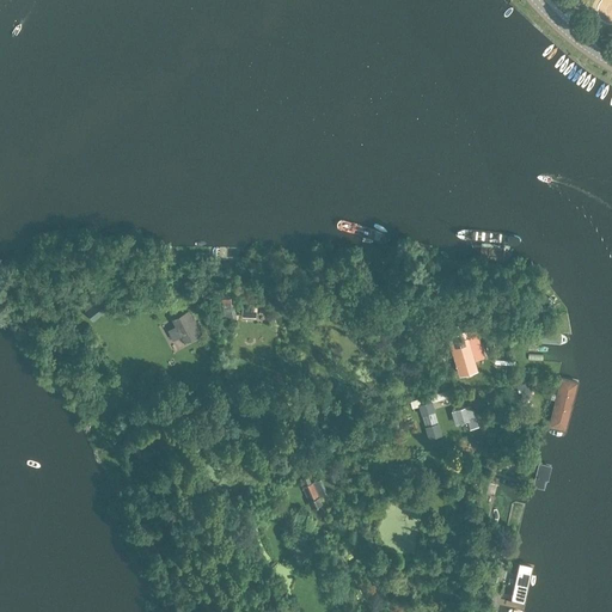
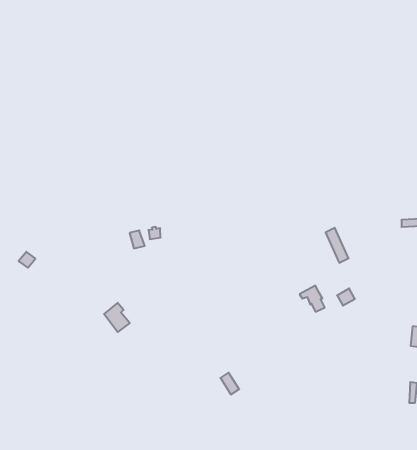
building: [172,312,201,347] -> [104,303,130,332]

